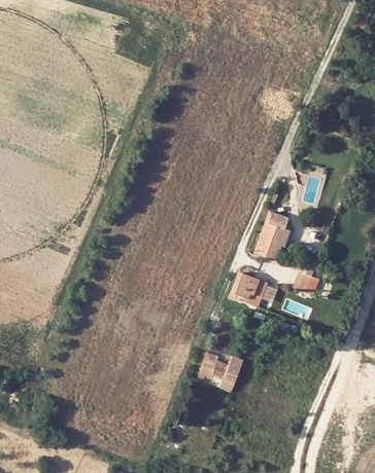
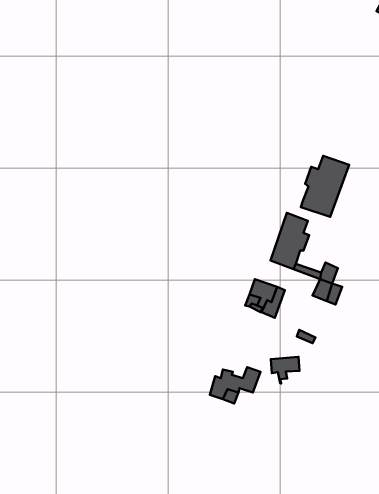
building: none -> [301,156,349,217]
building: none -> [271,357,300,383]

